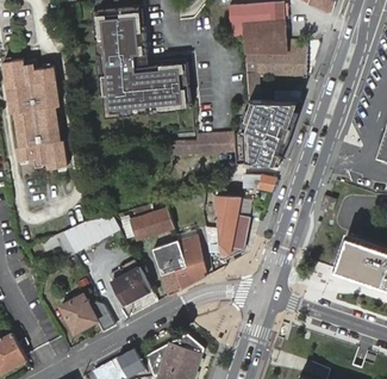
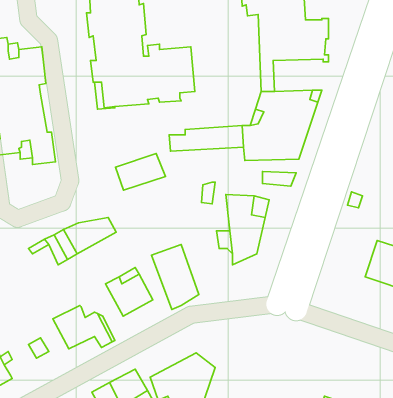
building: [126,207,170,240] -> [115,154,165,190]
building: [175,237,205,285] -> none

